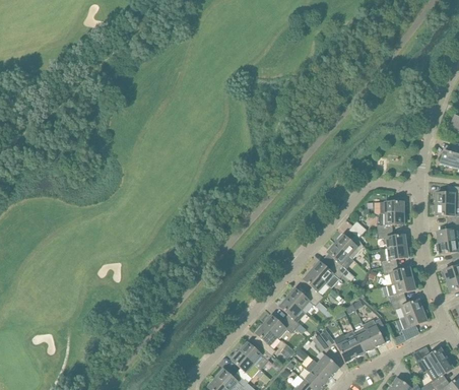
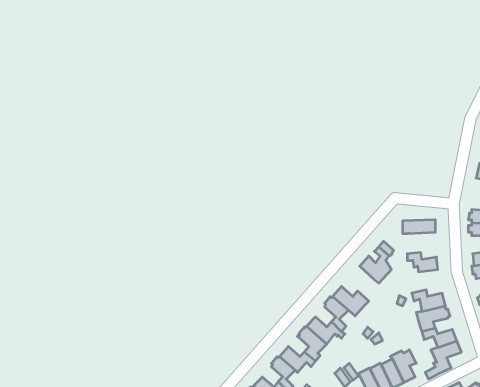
building: [377,212,404,232] -> none
building: [327,243,355,281] -> none
building: [379,246,409,267] -> none

